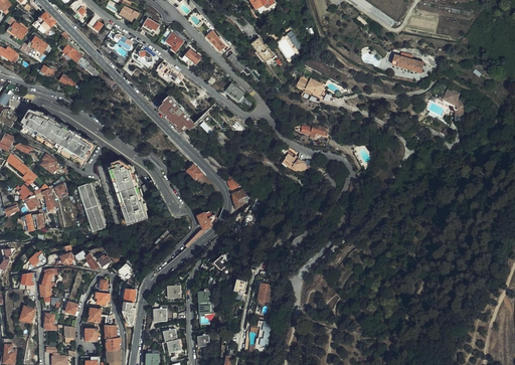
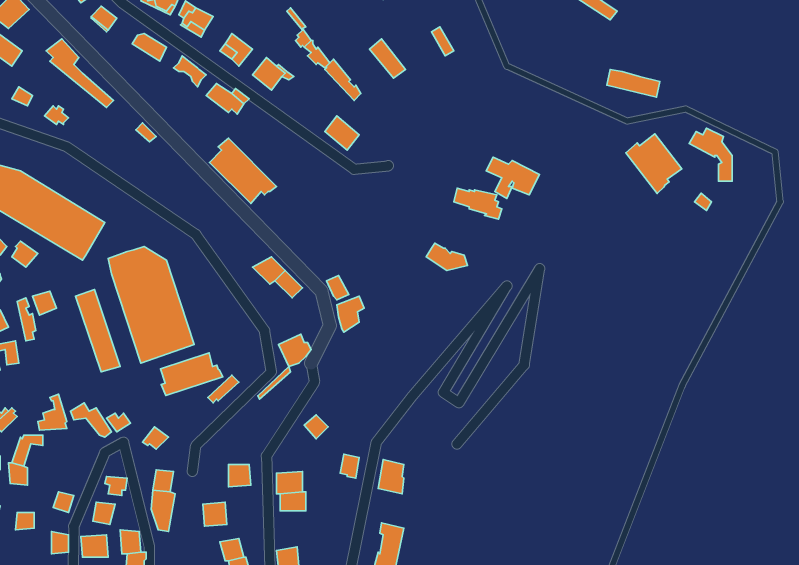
building: [296,75,327,100] -> [486,157,540,198]
building: none -> [626,134,682,194]
building: none -> [160,353,223,396]

